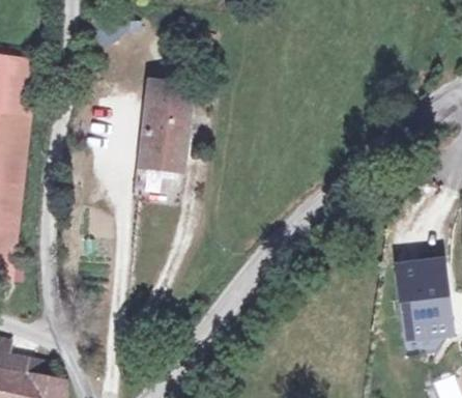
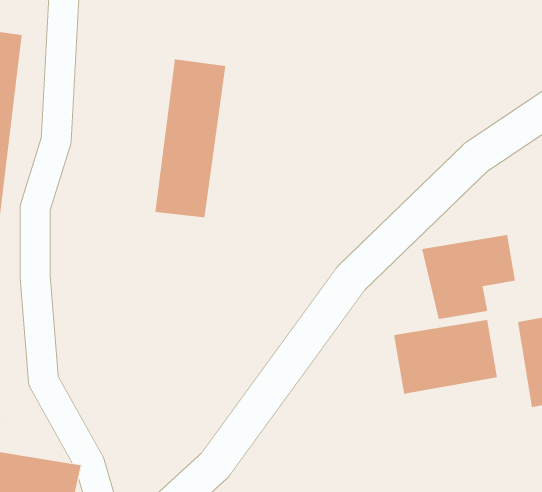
building: none -> [421,234,515,320]
building: none -> [394,319,497,394]

